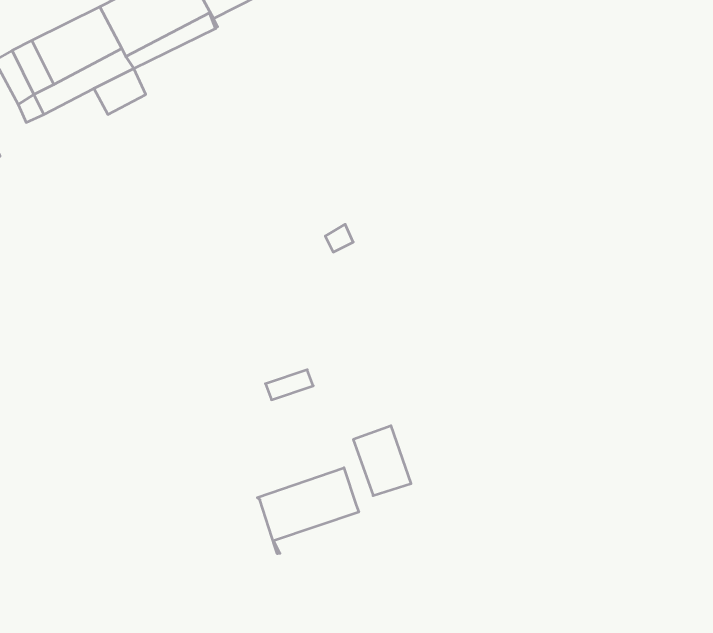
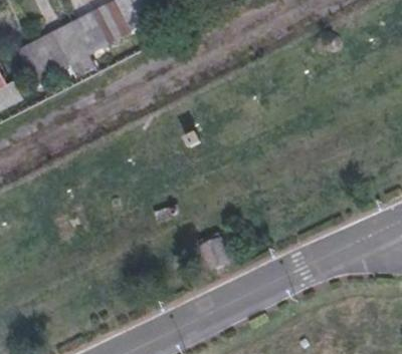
building: [257,468,359,554] -> none

